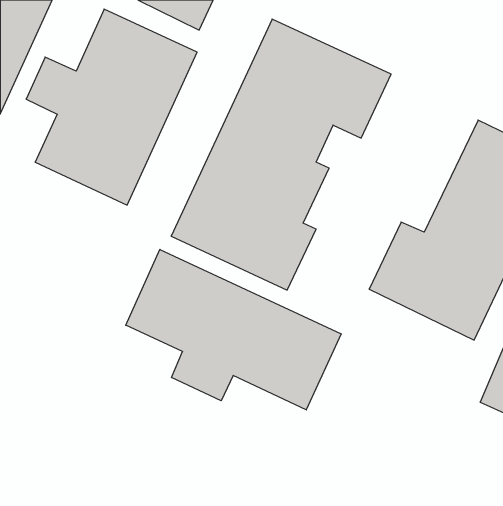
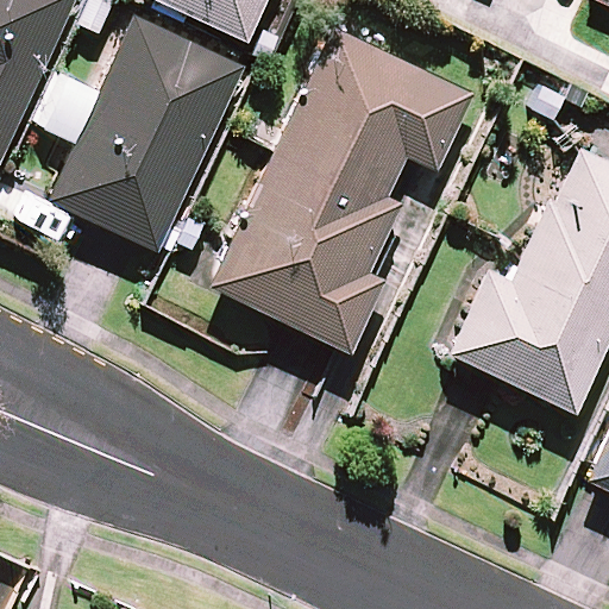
building: [126,249,341,410] -> none

